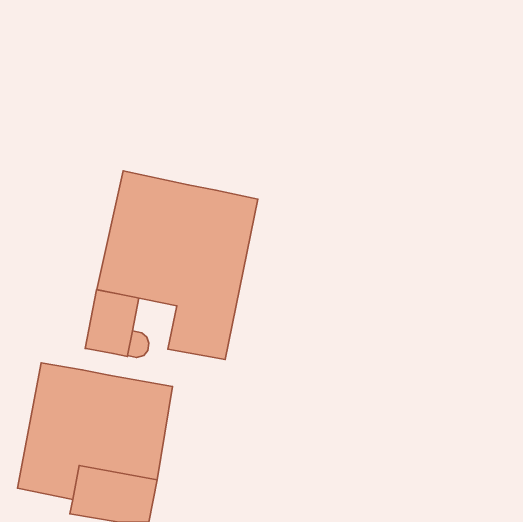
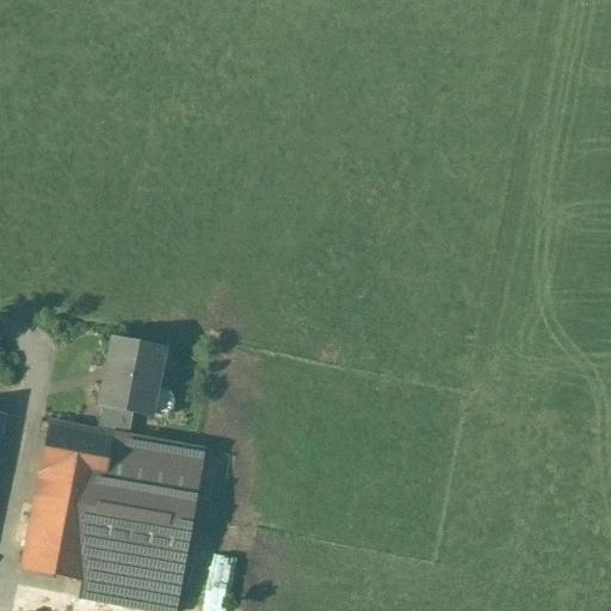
building: [97,171,258,359] -> none
building: none -> [98,405,134,436]

